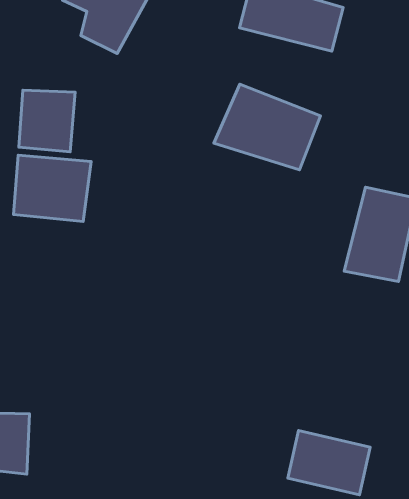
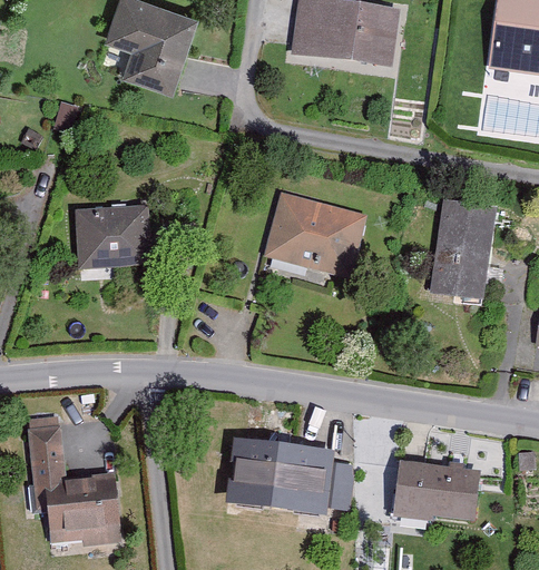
building: [214,84,320,170] -> [262,193,370,275]
building: [19,90,75,152] -> none
building: none -> [225,440,361,512]

